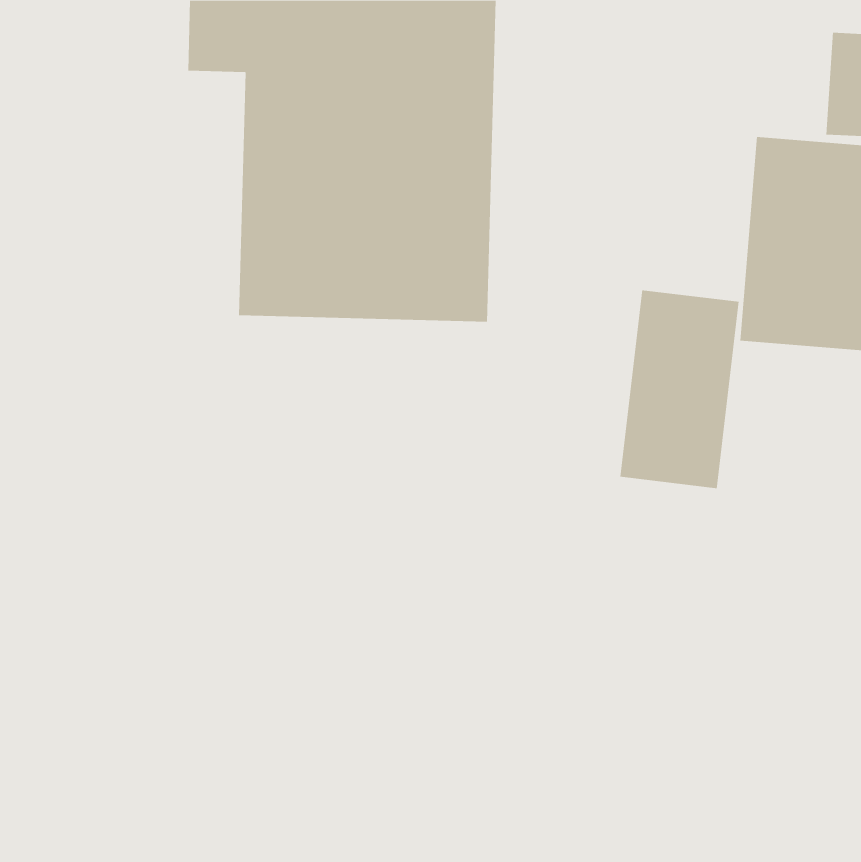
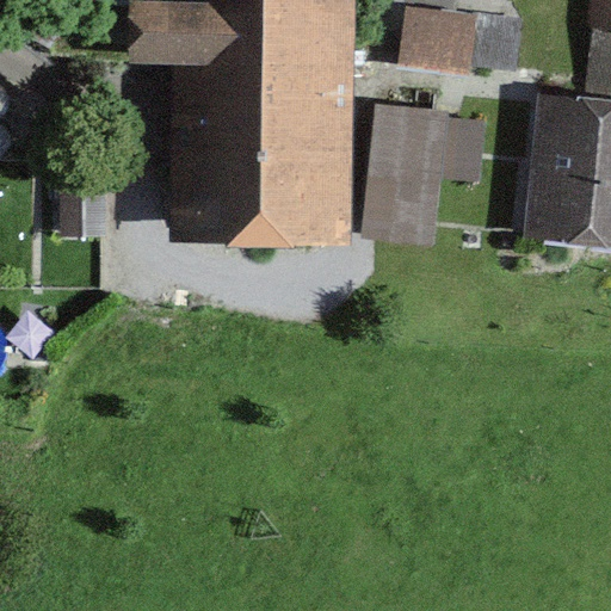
building: none -> [401,6,519,75]
building: [620,290,739,489] -> [366,97,451,237]

